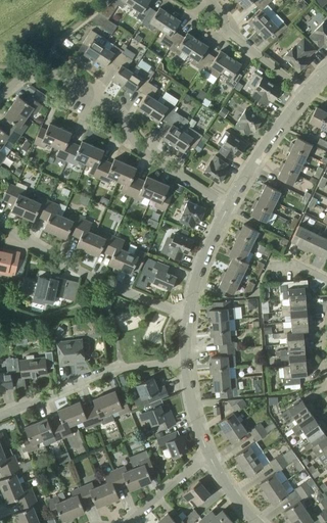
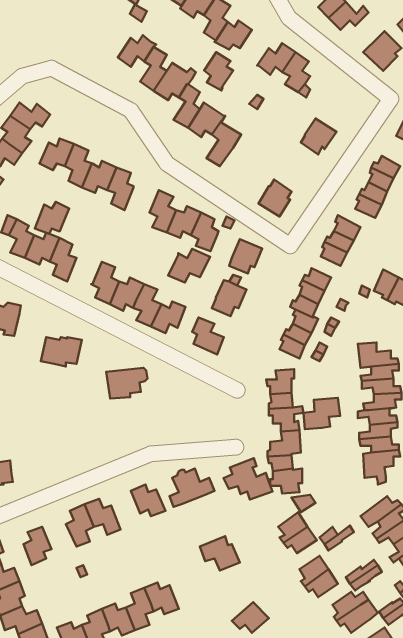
building: [83,30,104,61] -> none
building: [188,40,211,69] -> [204,52,233,90]
building: [248,73,280,105] -> none
building: [173,129,202,152] -> none
building: [218,131,245,160] -> none
building: [99,158,126,183] -> none
building: none -> [168,249,210,282]
building: [55,213,82,238] -> [35,202,69,234]
building: none -> [303,398,340,429]
building: [57,341,89,365] -> [106,368,147,398]
building: [20,351,54,378] -> none
building: [89,395,111,425] -> none
building: [138,398,176,430] -> [223,458,272,499]
building: [36,418,62,442] -> none
building: [134,456,155,486] -> none

